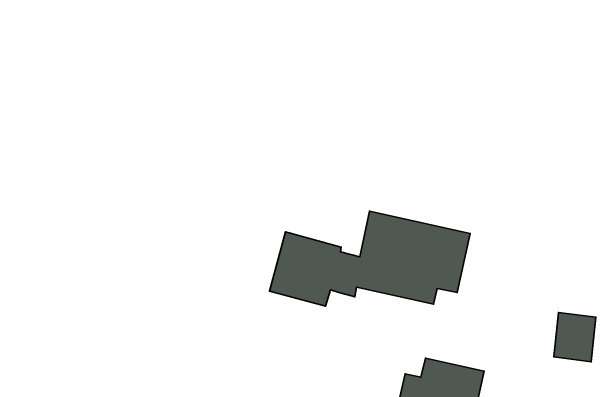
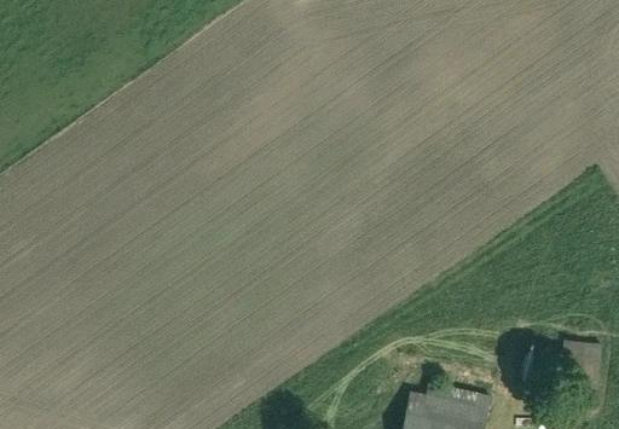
building: [270,211,470,306] -> none

